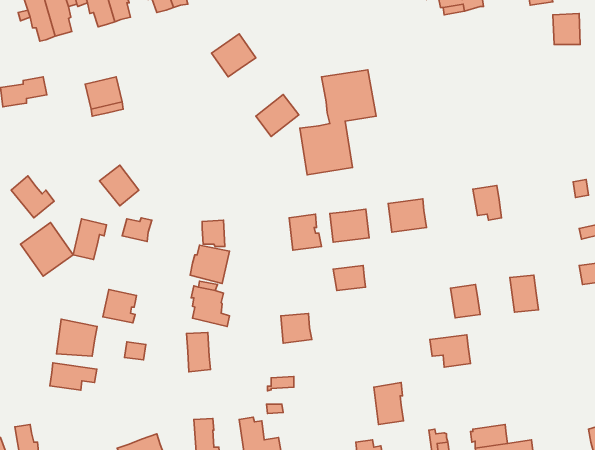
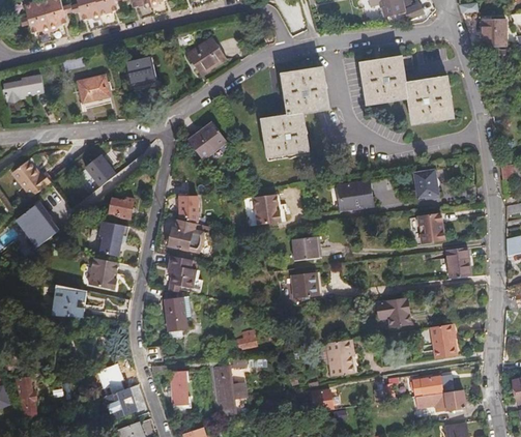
building: none -> [359,56,453,125]
building: none -> [125,59,155,88]
building: [256,95,299,136] -> [187,121,225,157]
building: [330,209,369,242] -> none
building: [73,219,107,260] -> [104,223,133,258]
building: [450,285,480,318] -> [417,213,443,242]
building: [281,313,312,343] -> [291,272,318,298]
building: [50,363,97,390] -> none
building: none -> [430,325,456,358]
building: none -> [98,363,125,394]

